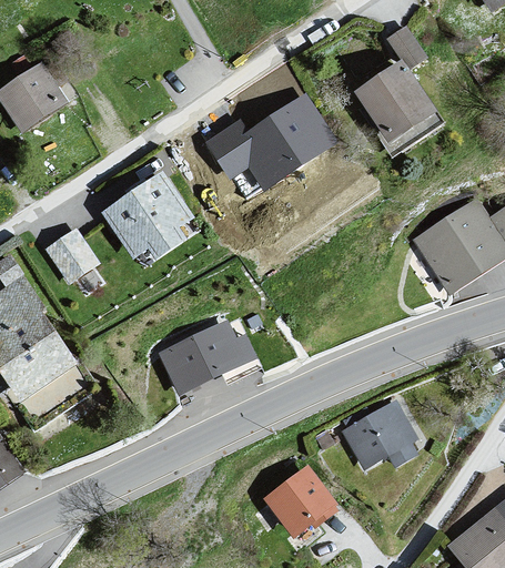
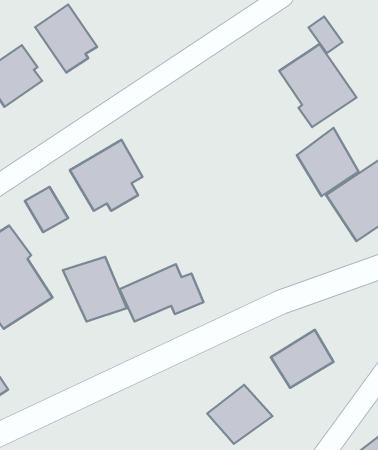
building: none -> [35,4,97,73]
building: [204,90,340,191] -> none
building: none -> [297,128,359,196]
building: none -> [63,257,127,322]

